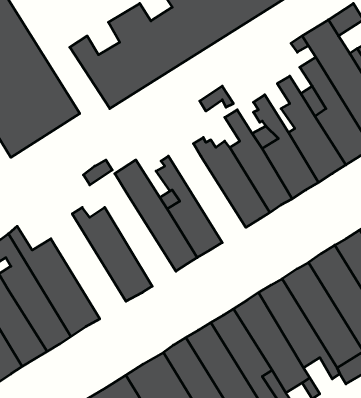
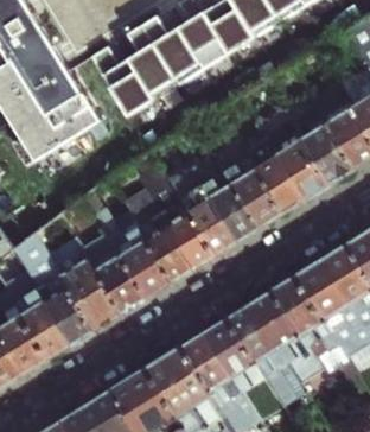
building: none -> [185,155,259,242]
building: none -> [121,196,192,284]
building: none -> [72,221,145,315]

